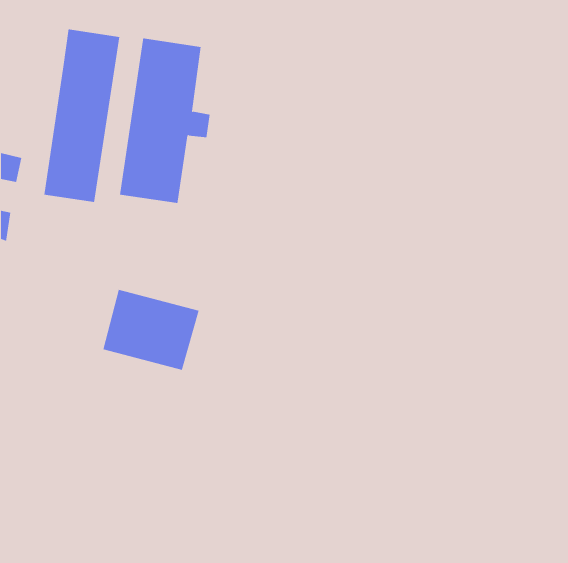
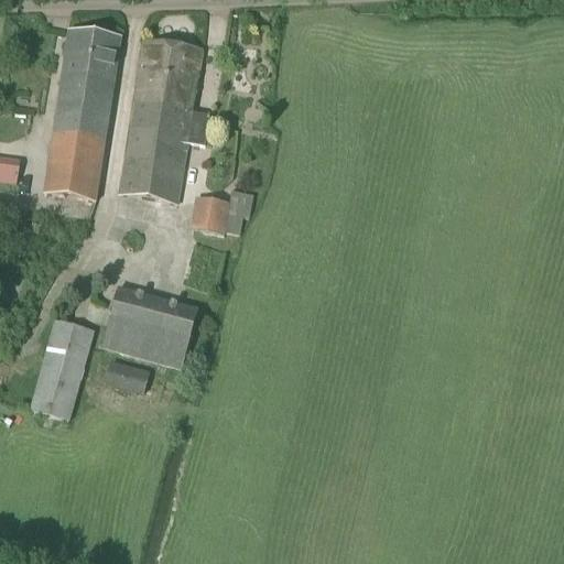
building: none -> [191,189,252,234]
building: none -> [31,318,94,420]
building: none -> [106,361,149,393]

